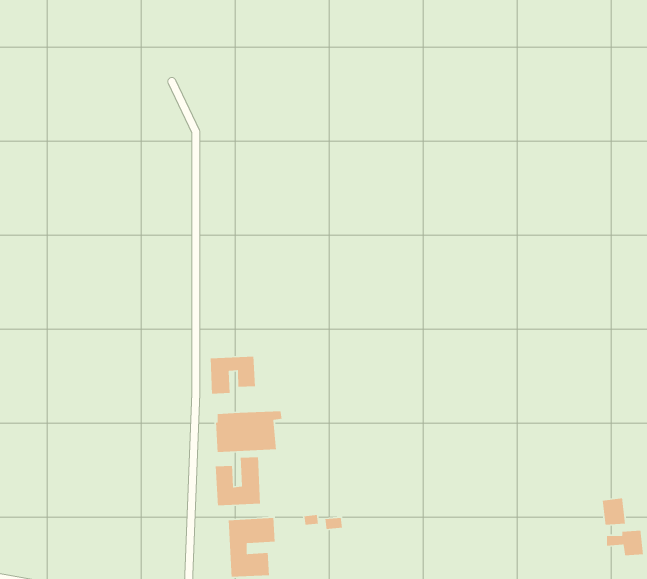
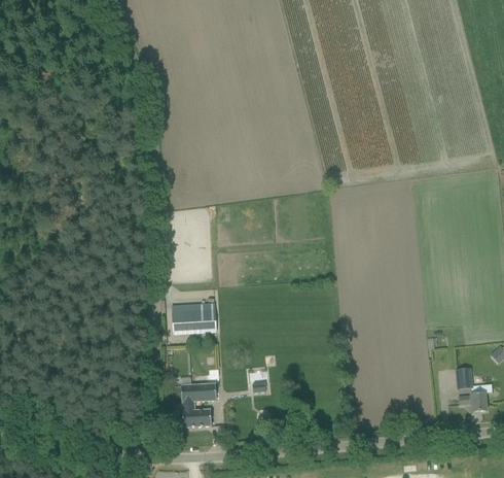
building: [210,356,256,394] -> none
building: [215,456,261,506] -> none

